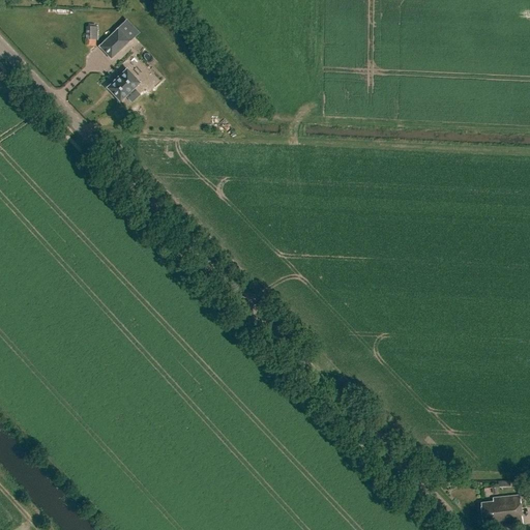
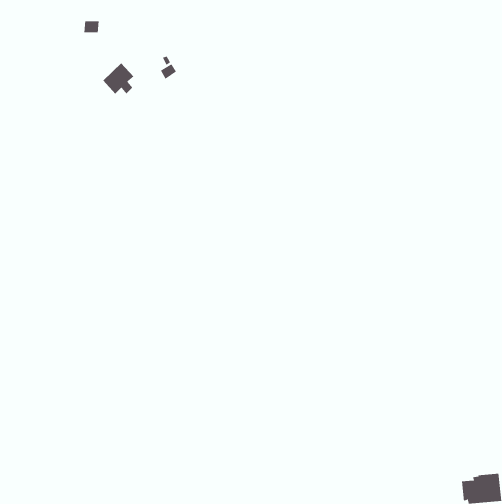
building: [102,26,131,55] -> none

